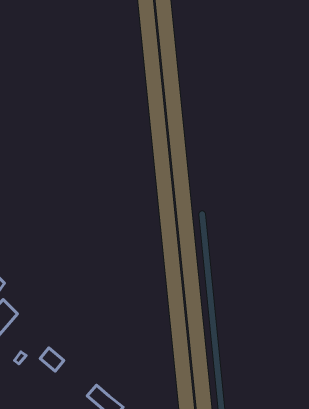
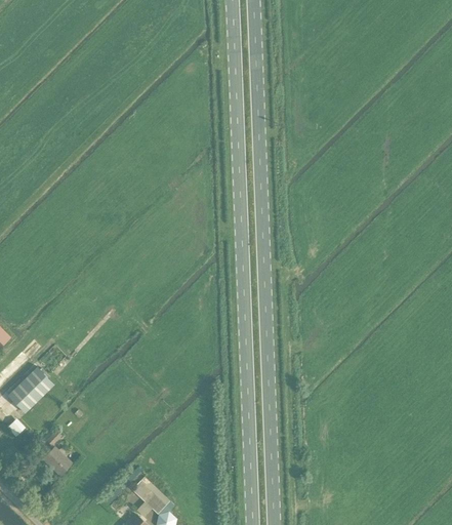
building: [40,348,64,371] -> [42,447,71,476]

